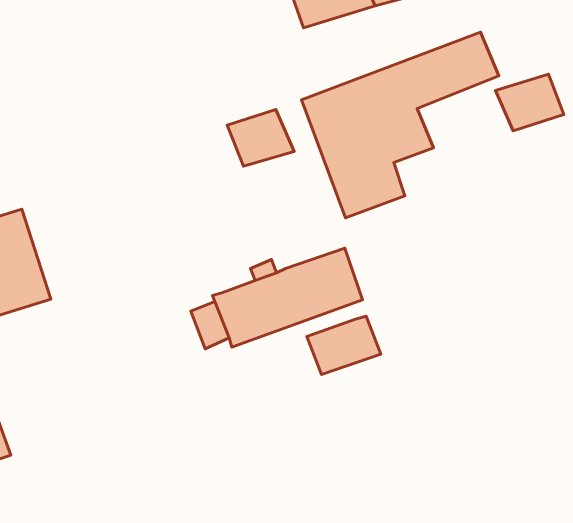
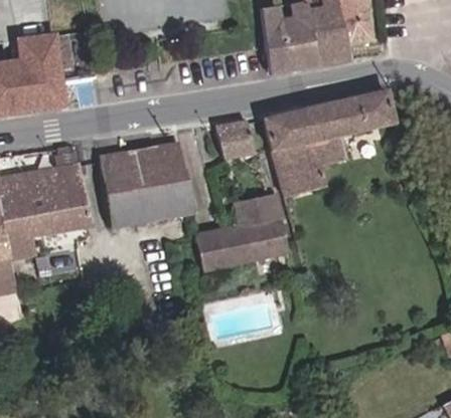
building: [496,74,564,131] -> none
building: none -> [101,146,191,227]
building: [307,316,381,374] -> [235,191,280,224]

